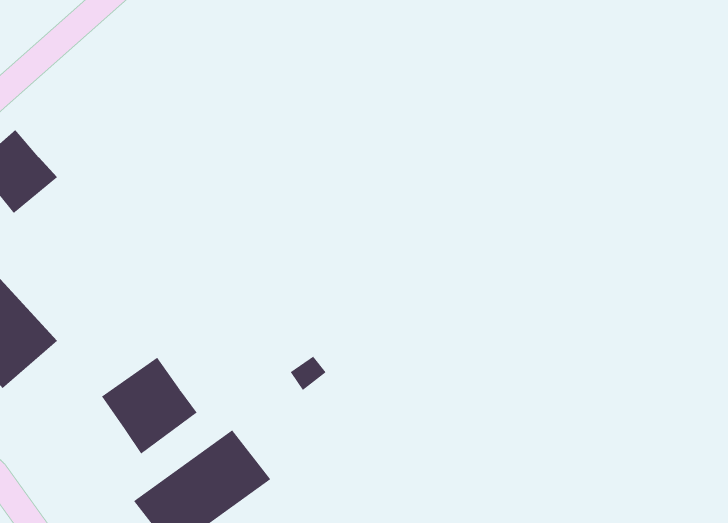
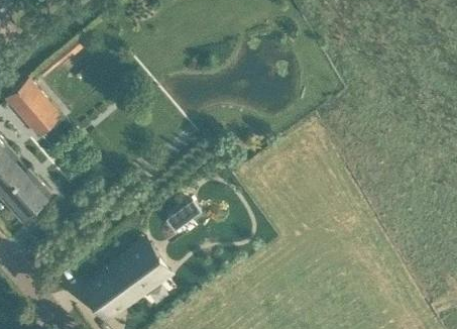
building: [101,357,198,454] -> none

